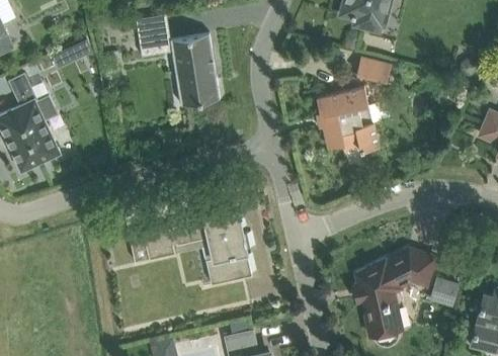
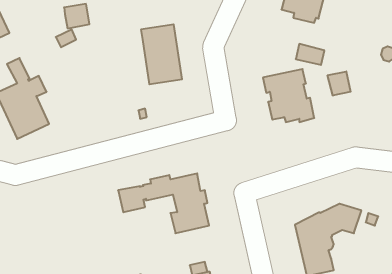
building: [136,15,166,45] -> [64,4,89,28]
building: none -> [328,71,351,96]
building: [428,277,460,307] -> none

